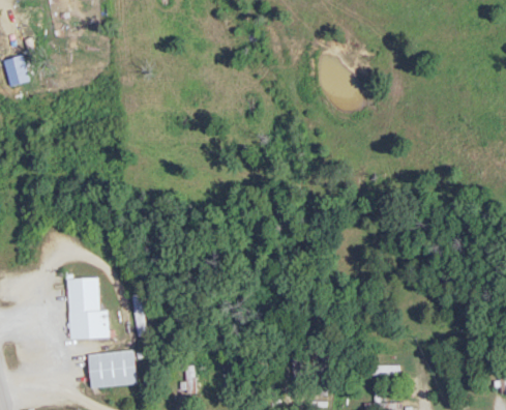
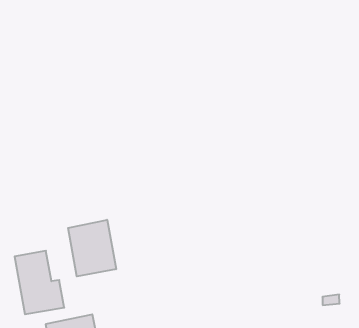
building: none -> [68,220,116,276]

